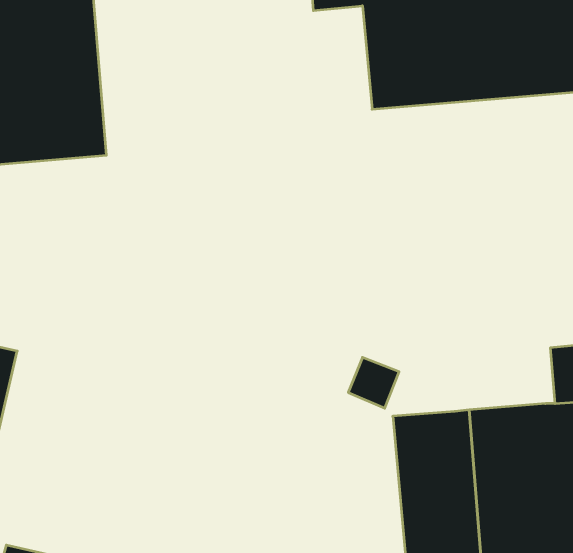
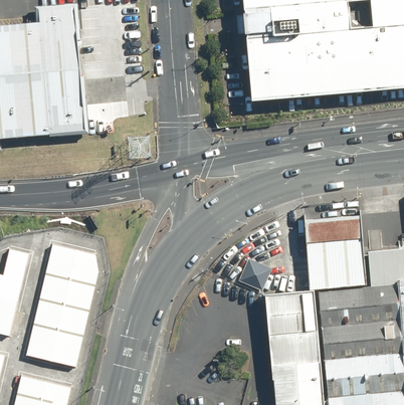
building: none -> [299,216,362,291]
building: none -> [25,245,97,366]

